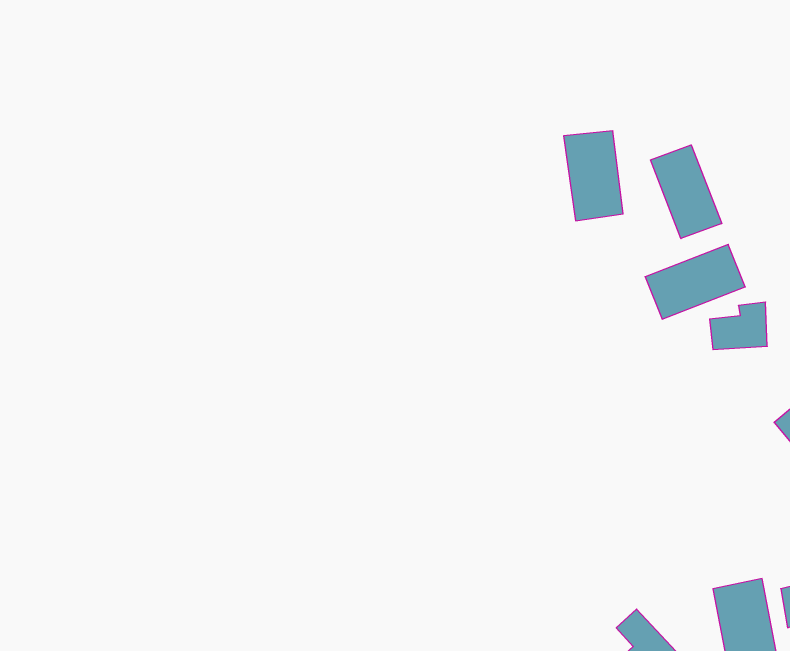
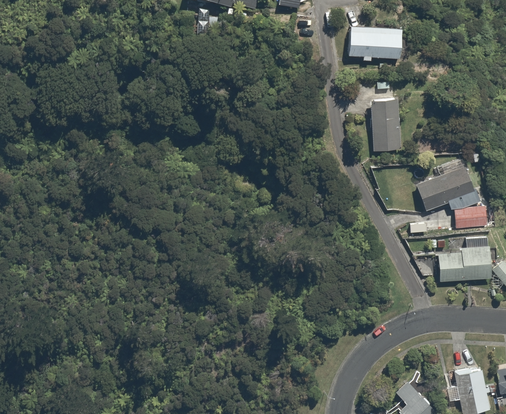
building: none -> [346,27,402,62]
building: [650,145,722,239] -> none
building: none -> [435,238,489,283]

